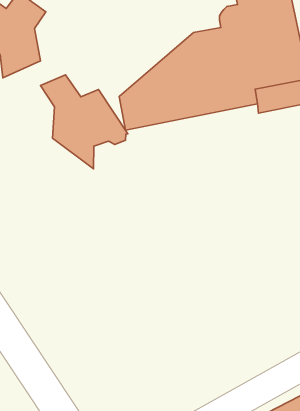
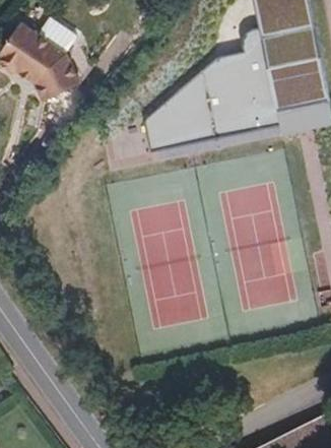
building: [40,75,128,169] -> none

